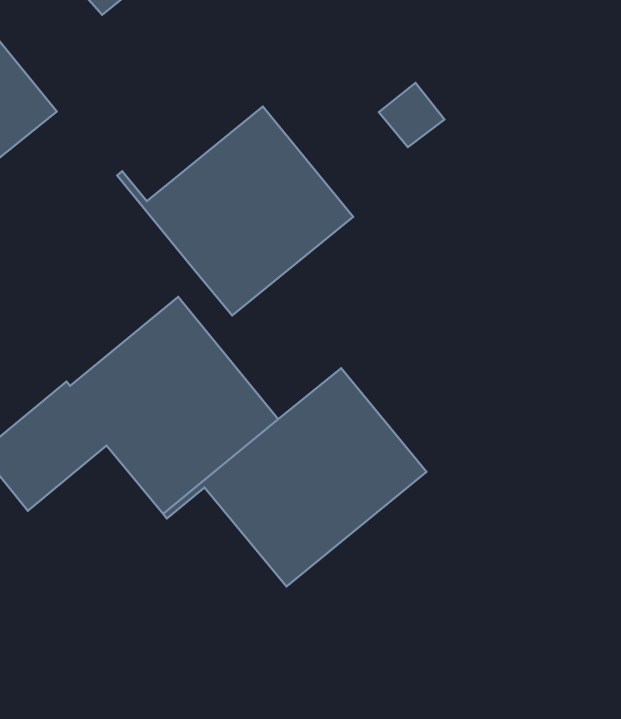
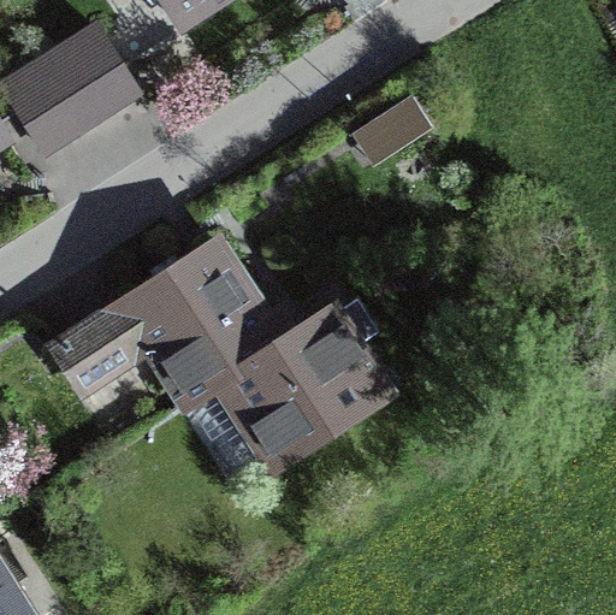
building: [117,106,353,316] -> none

